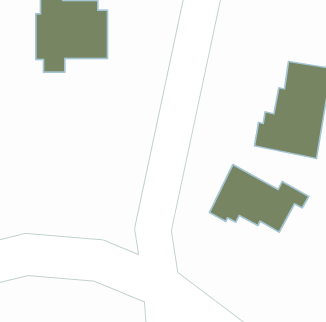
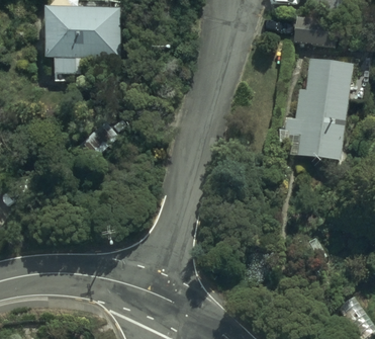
building: [209,164,309,232] -> none

